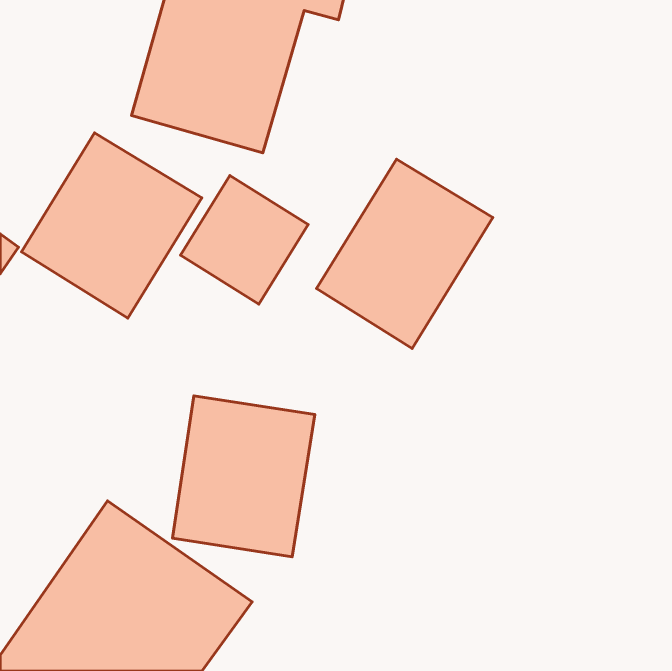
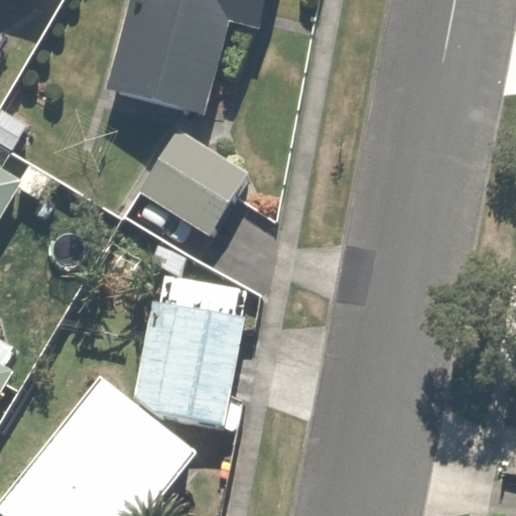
building: [22,133,202,318] -> none
building: [317,159,493,348] -> none

